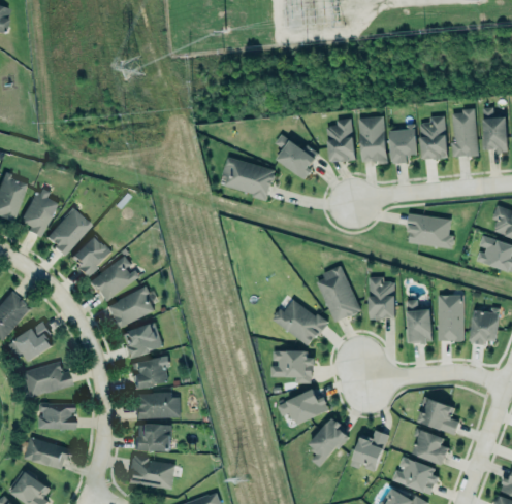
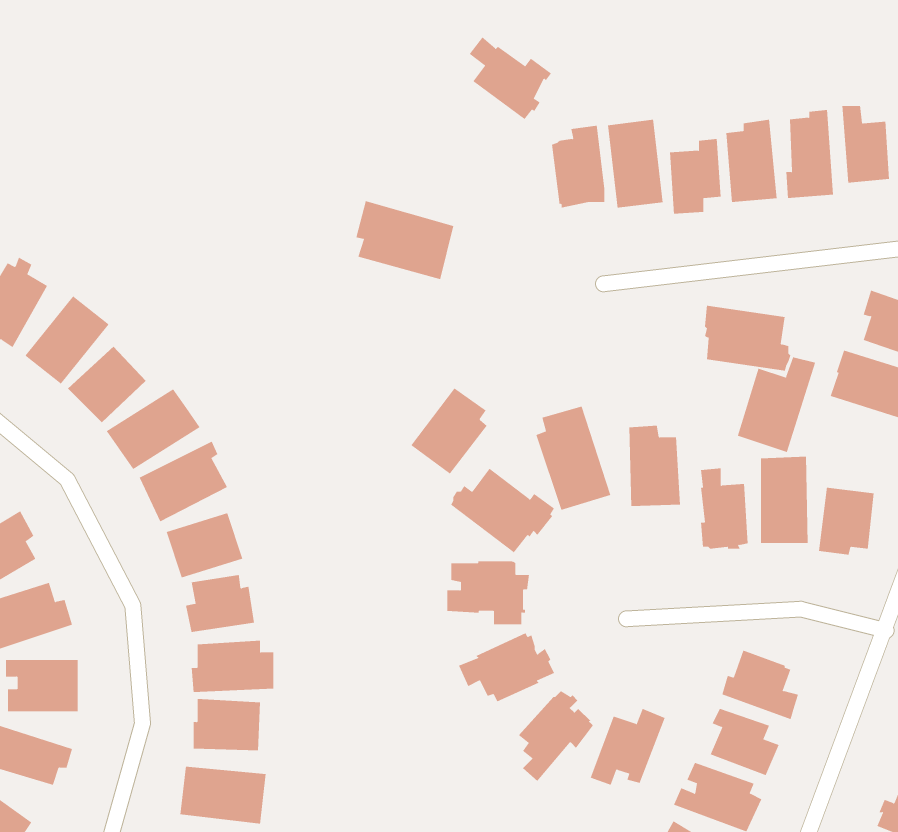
building: [275,134,319,178] -> [469,37,552,120]
building: none -> [737,357,816,453]
building: none -> [411,387,488,474]

